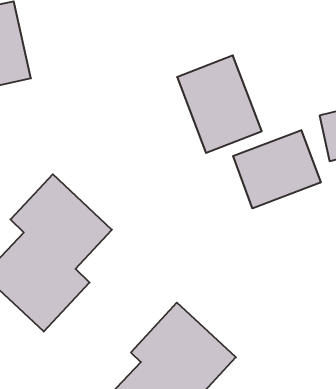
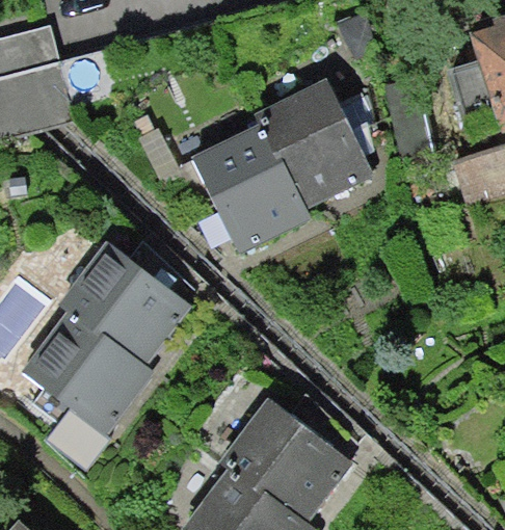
building: none -> [193,126,307,250]
building: [233,130,321,208] -> none

